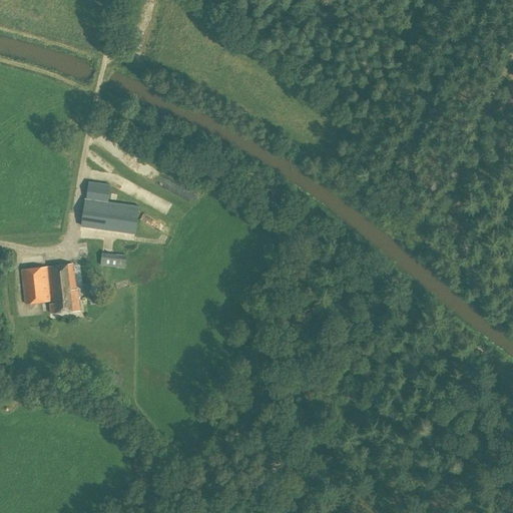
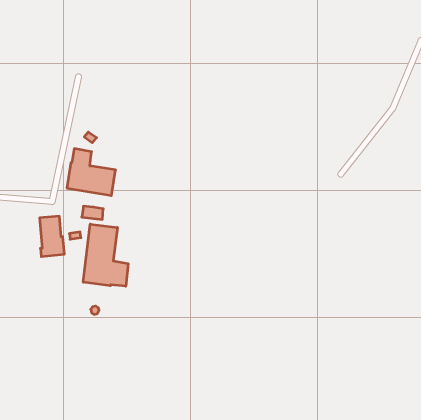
building: [21,265,50,302] -> none
building: none -> [83,224,128,286]

